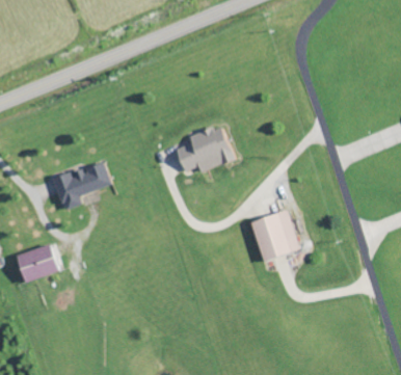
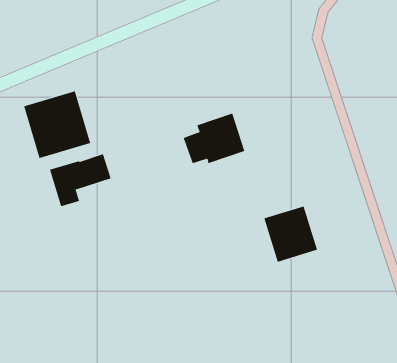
building: none -> [24,90,91,159]
building: [16,244,58,283] -> none

